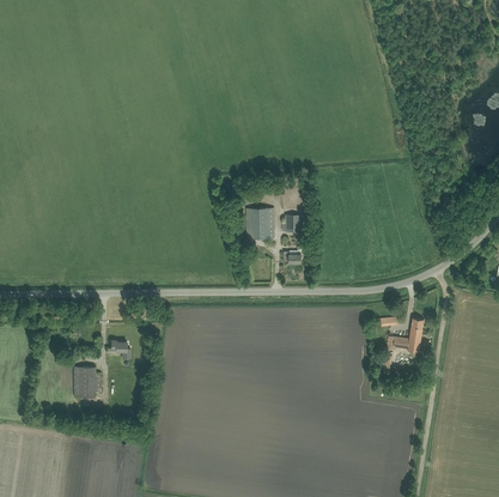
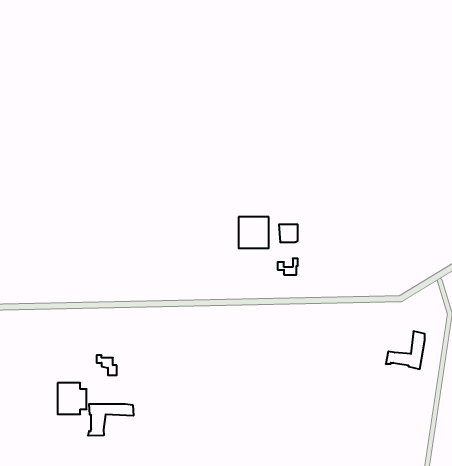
building: none -> [88,404,133,436]

